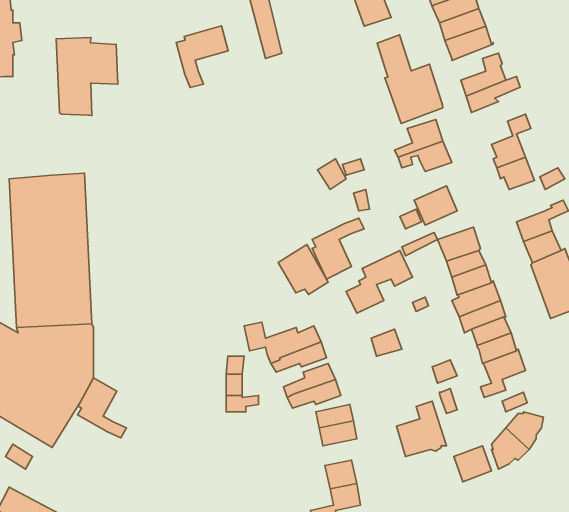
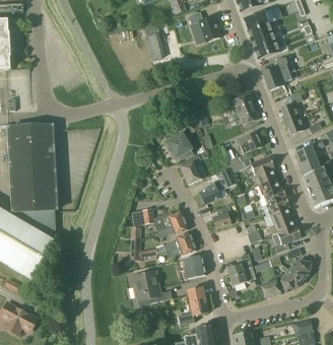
building: [176,26,228,88] -> none
building: [377,35,443,124] -> none
building: [56,37,118,116] -> none
building: [278,244,328,295] -> [165,130,194,158]
building: [78,378,127,438] -> none
building: none -> [133,270,173,302]

